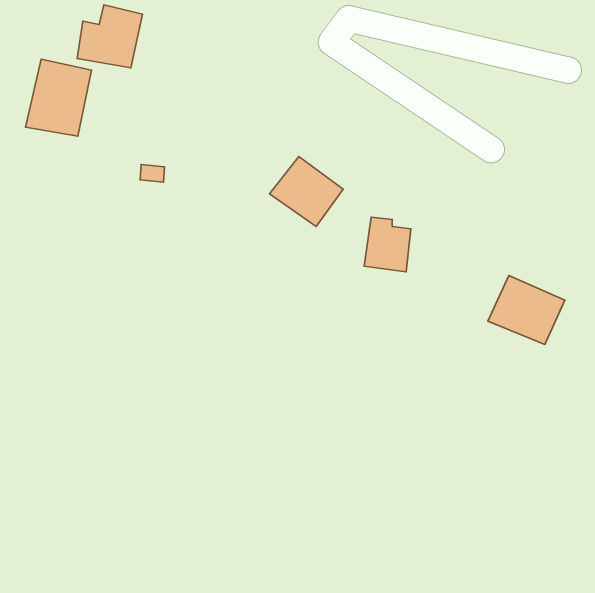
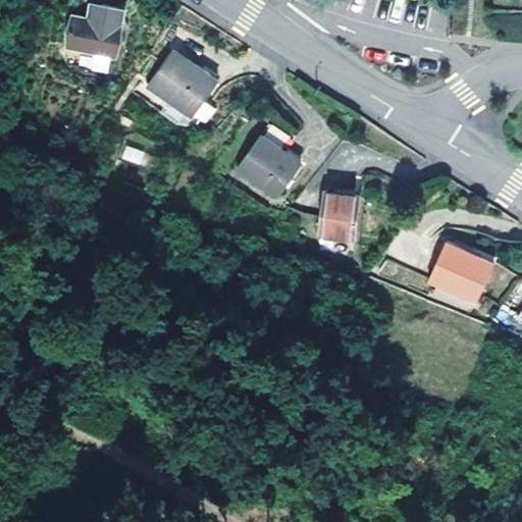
building: [26,59,91,136] -> none
building: none -> [146,54,216,121]

